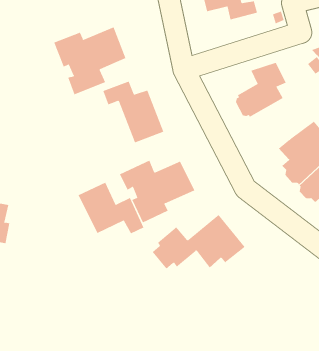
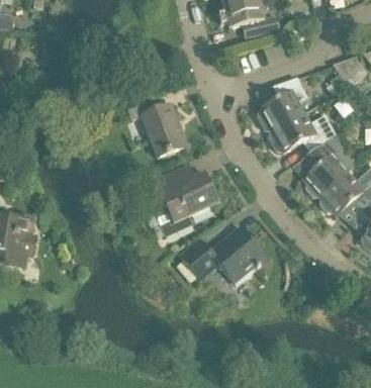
building: [53,27,126,95] -> none
building: none -> [269,112,336,153]
building: [78,182,144,234] -> none

